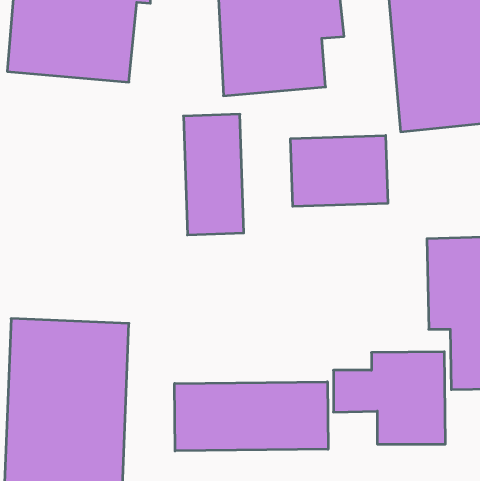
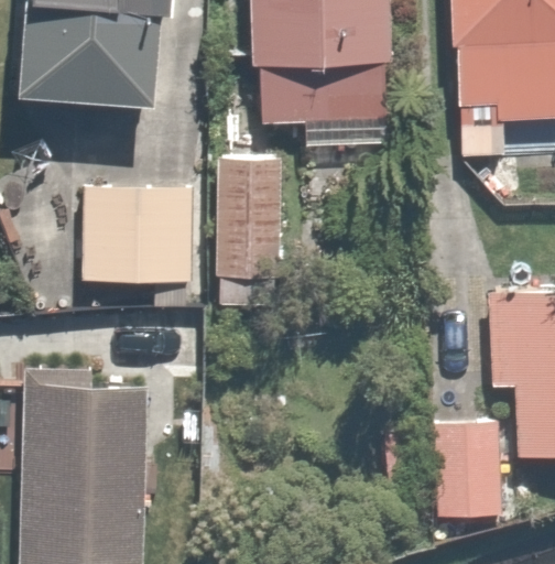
building: [291,135,388,206] -> none
building: none -> [86,175,199,289]
building: [175,382,328,451] -> none

